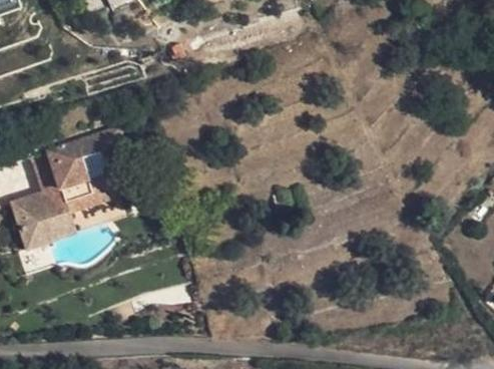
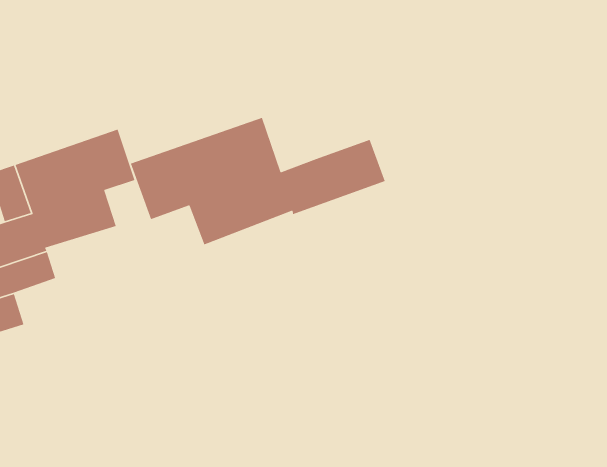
building: none -> [130,117,386,245]

